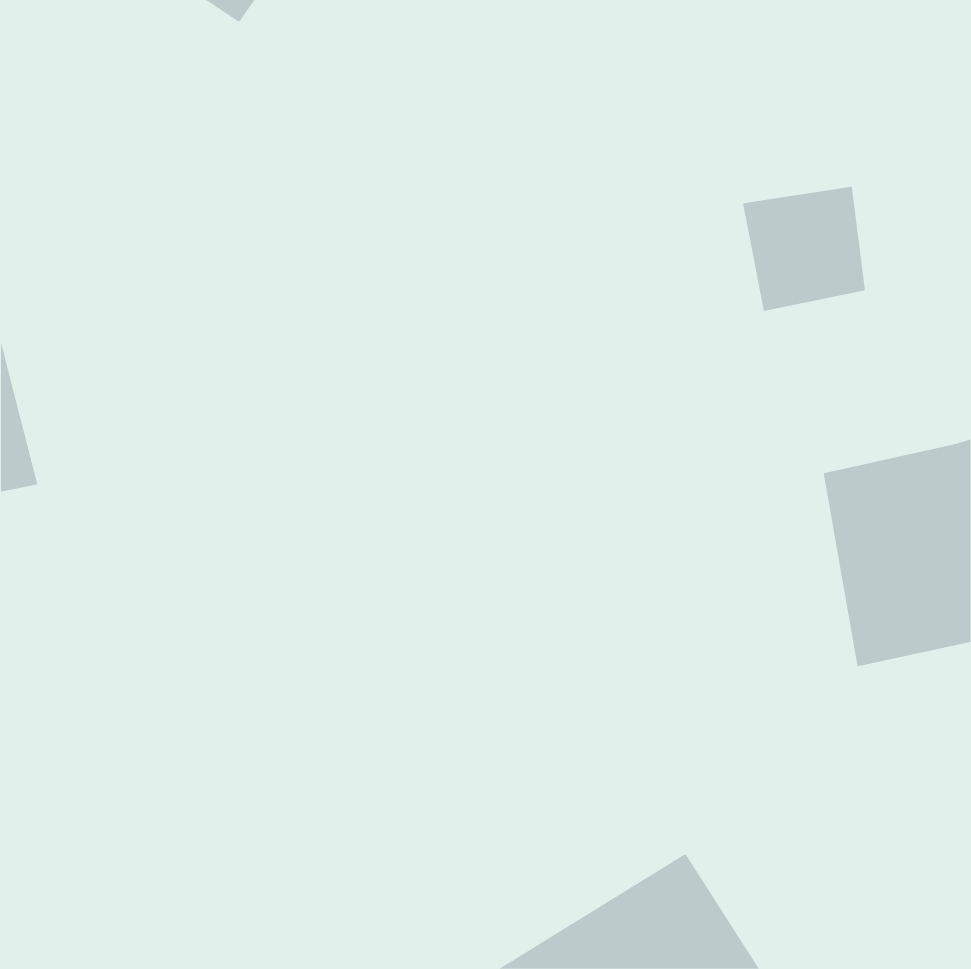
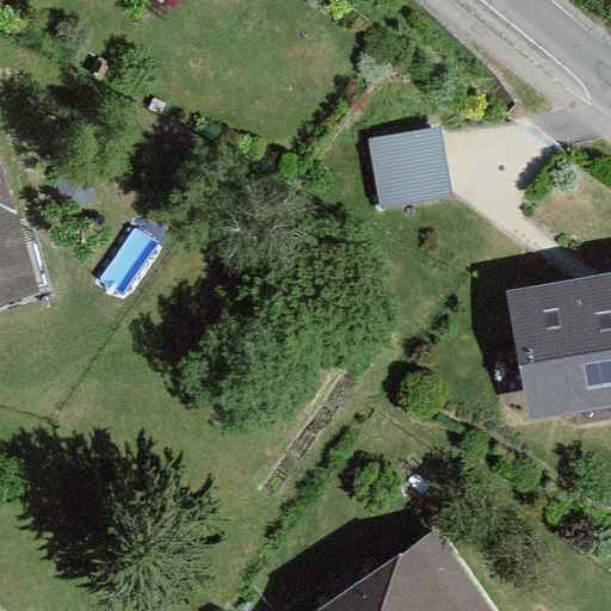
building: [742,186,866,311] -> [372,126,450,205]

